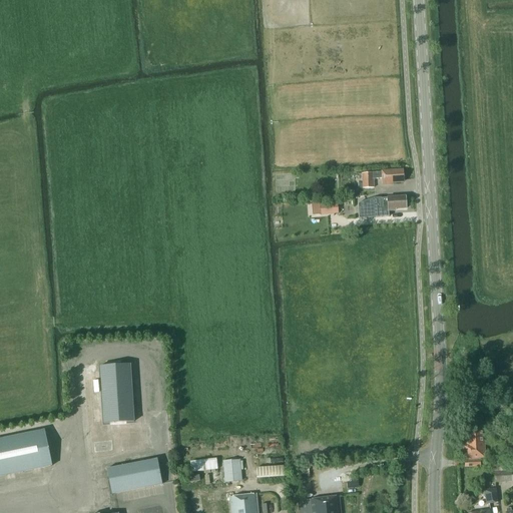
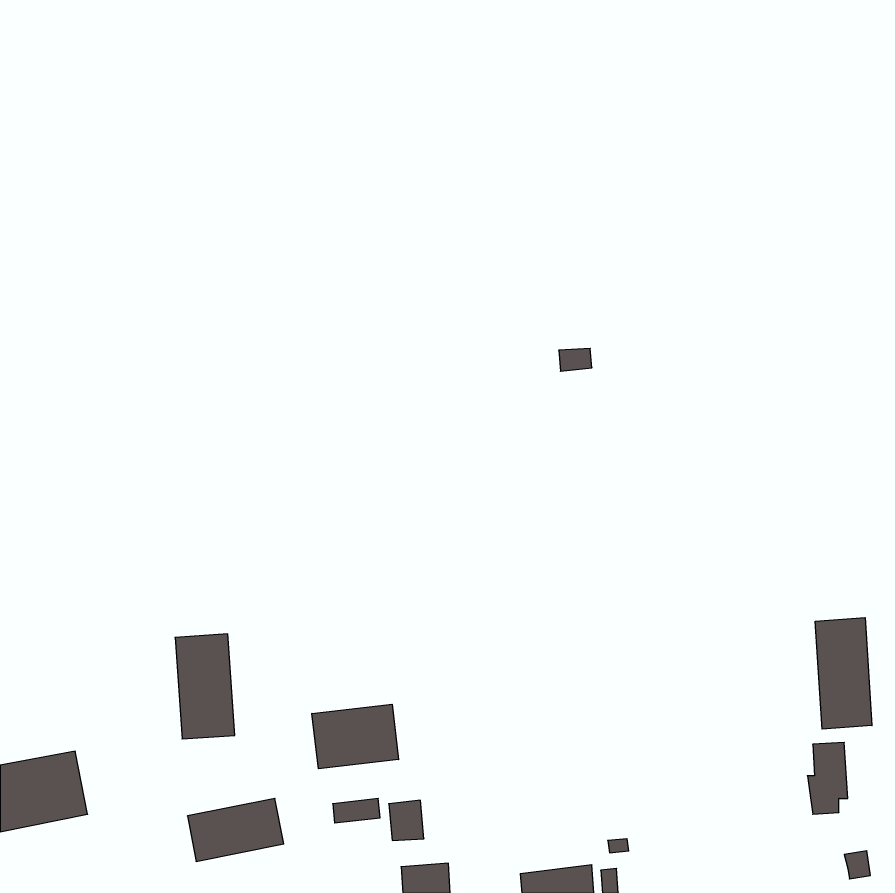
building: [358,169,404,187] -> none
building: [366,195,406,215] -> none
building: none -> [815,618,872,729]
building: none -> [312,704,399,769]

